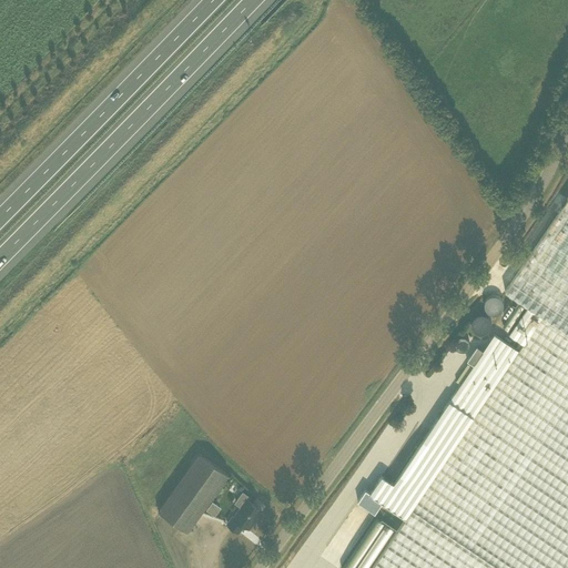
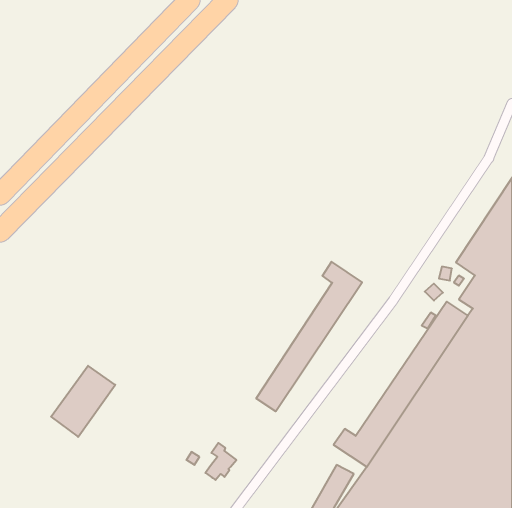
building: none -> [256,262,362,411]
building: [158,457,229,536] -> [51,366,115,437]

